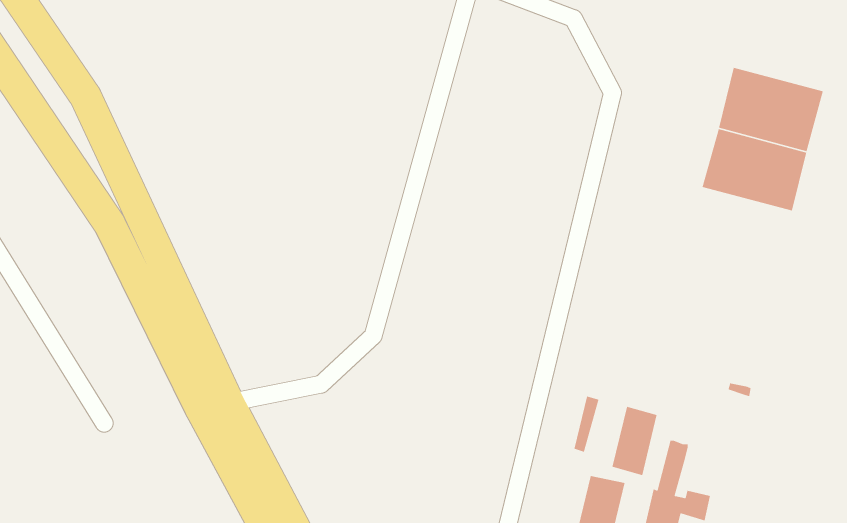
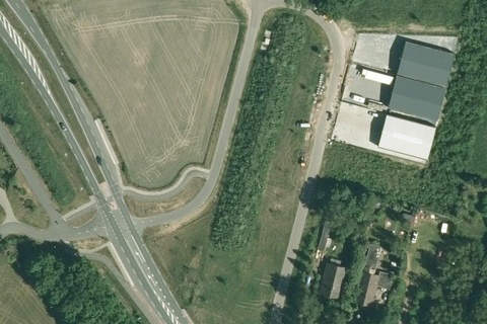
building: none -> [377,116,435,160]
building: [612,406,658,476] -> none

